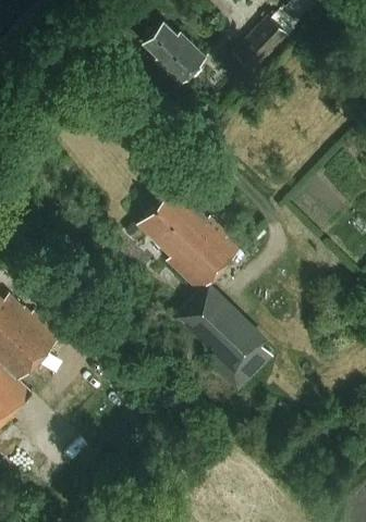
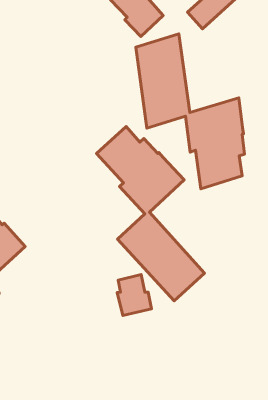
building: none -> [136,34,245,189]
building: none -> [117,274,152,315]

